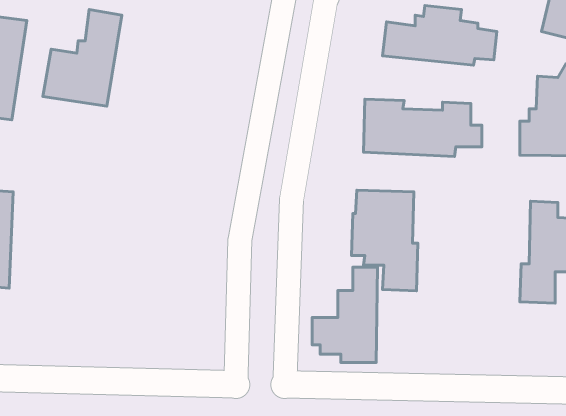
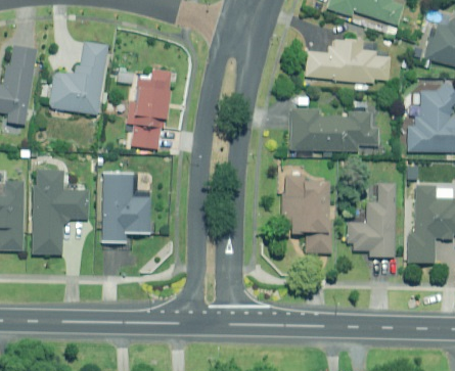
building: none -> [130,68,171,149]
building: none -> [32,169,88,254]
building: none -> [101,175,152,243]
building: [312,267,377,362] -> [348,185,397,257]

